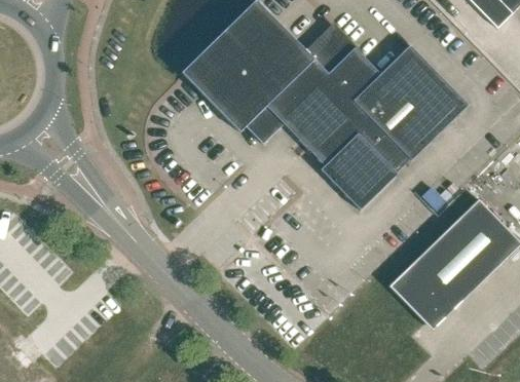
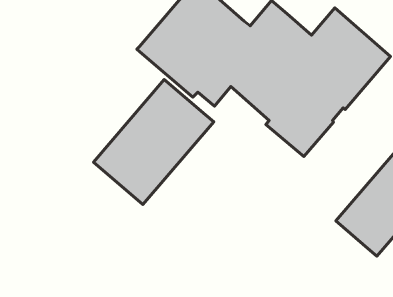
building: none -> [93,79,214,205]

